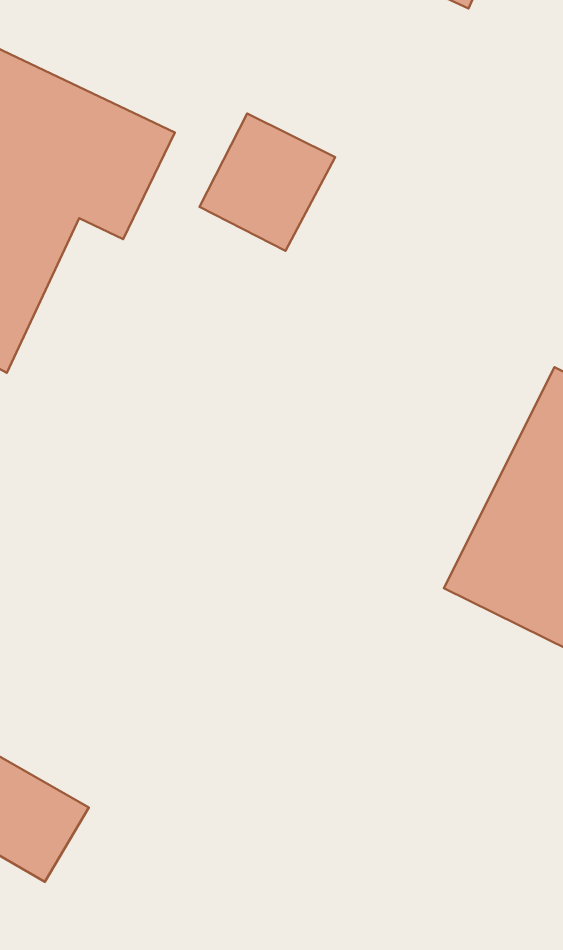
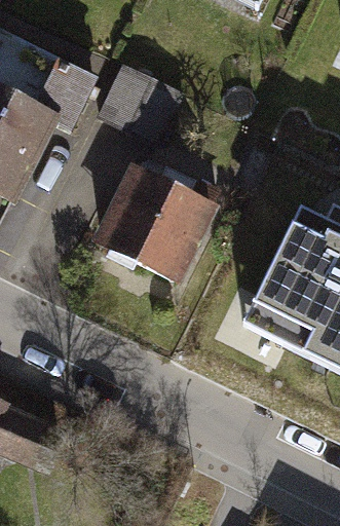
building: none -> [82,163,212,288]

